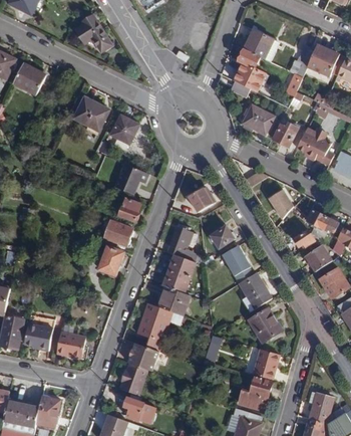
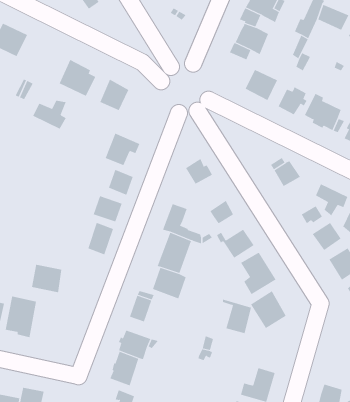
building: none -> [33,100,66,129]
building: [56,332,84,358] -> [31,264,62,293]
building: [250,347,277,379] -> [222,299,252,334]

